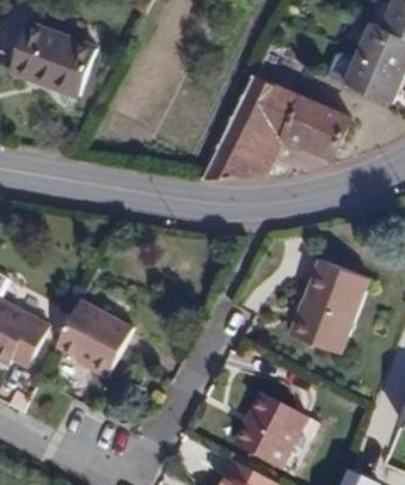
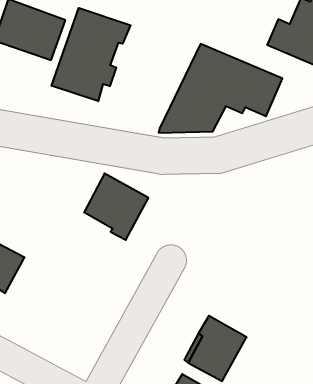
building: none -> [52,8,131,101]
building: [289,260,367,355] -> none
building: [54,300,129,377] -> [84,173,148,240]

